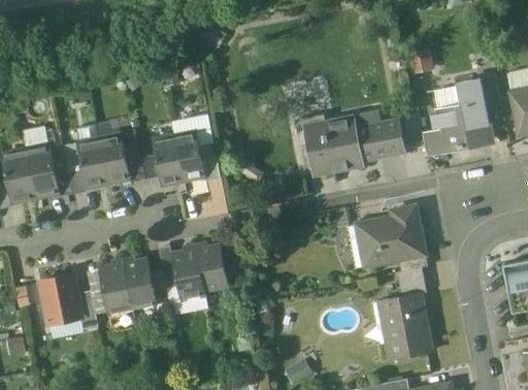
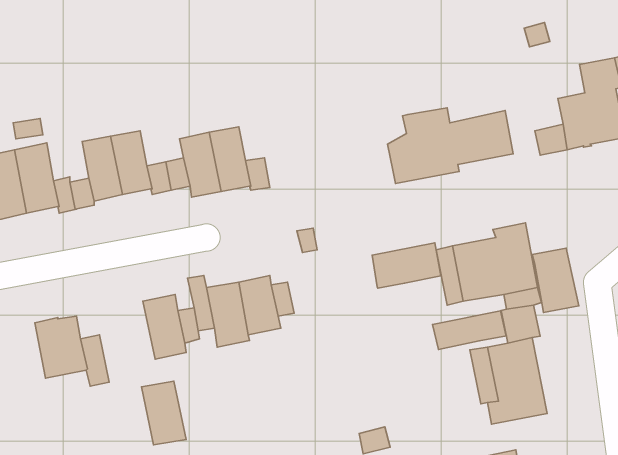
building: [298,115,326,164] -> none
building: none -> [372,243,441,288]
building: none -> [532,248,579,313]
building: [99,263,133,312] -> [141,381,186,445]
building: none -> [433,311,506,349]

